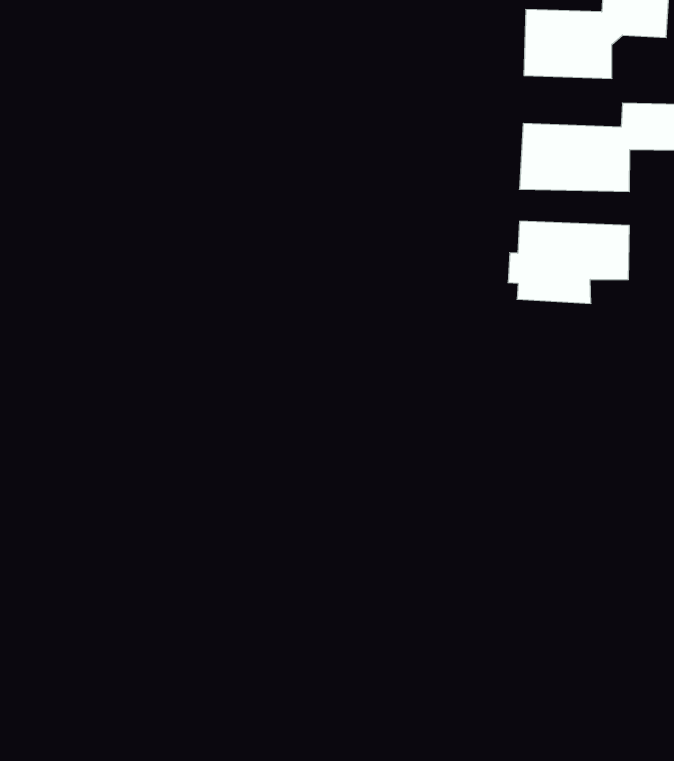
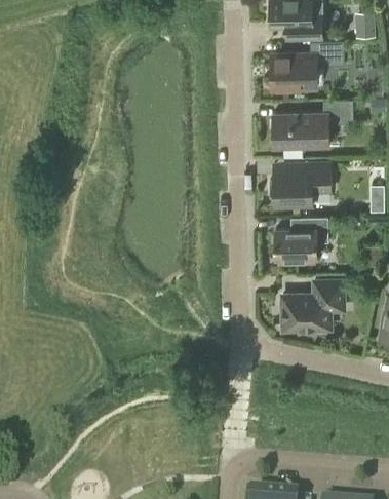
building: none -> [275,216,328,261]
building: none -> [282,280,344,335]

